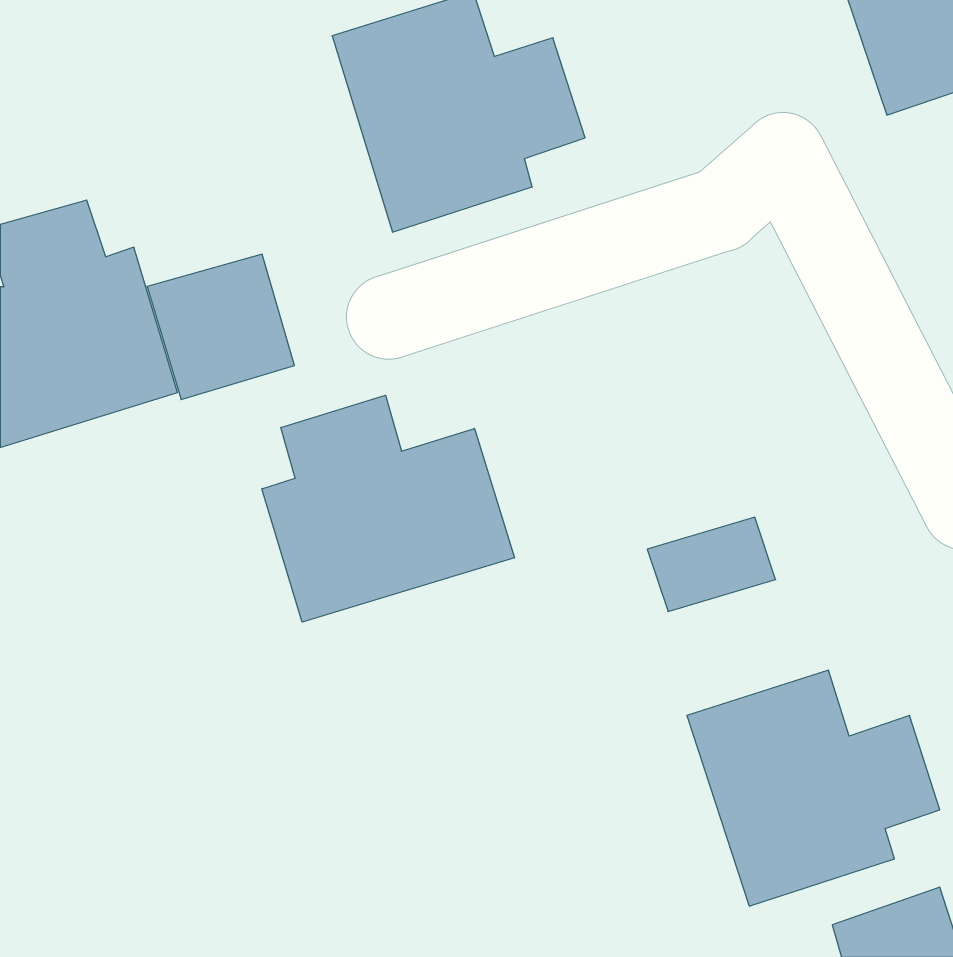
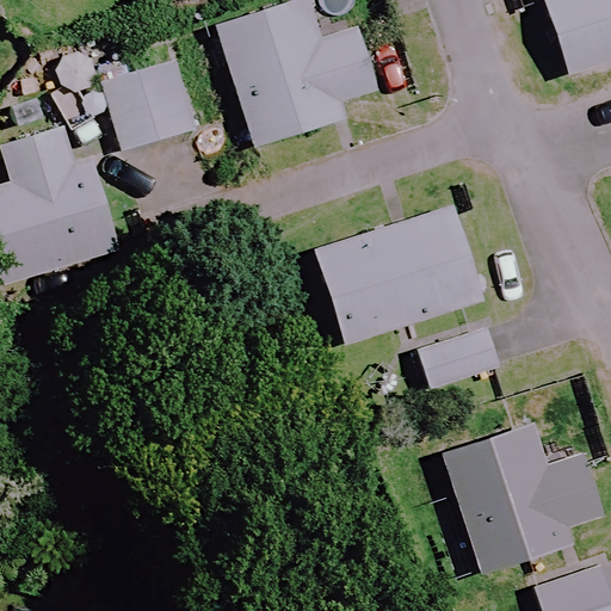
building: [147,254,294,400] -> [103,58,196,150]
building: none -> [316,209,477,342]
building: [262,395,514,622] -> none

